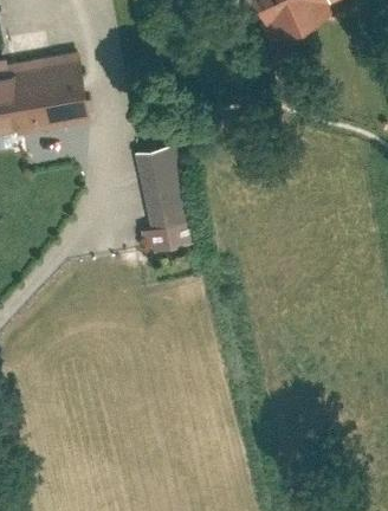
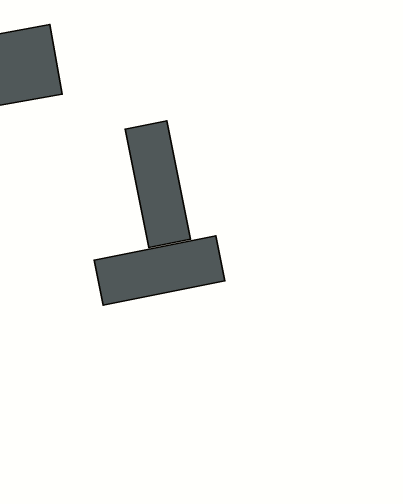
building: none -> [94,236,225,305]

